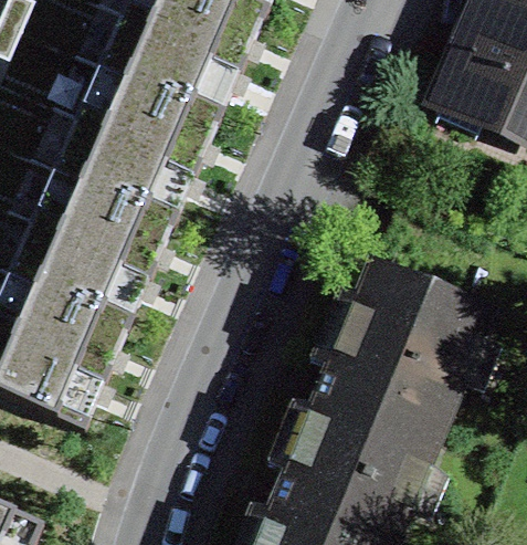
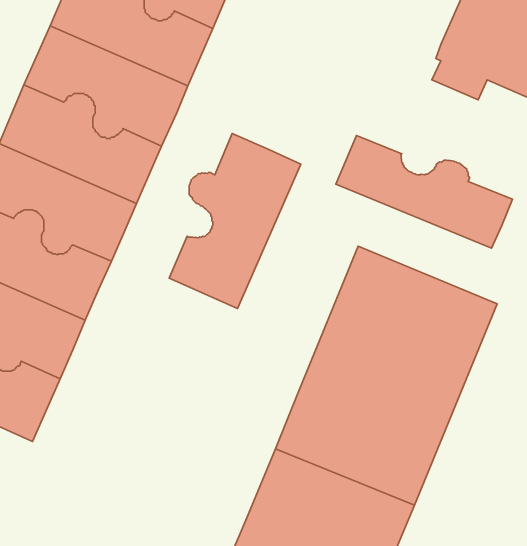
building: none -> [169,134,301,309]
building: none -> [336,135,512,248]

